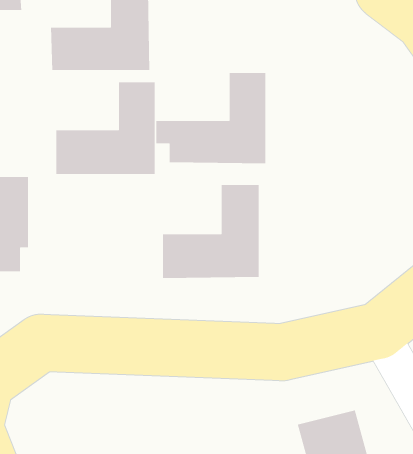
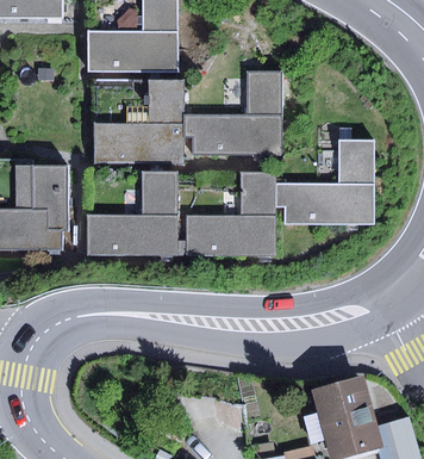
building: none -> [275,138,374,223]
building: none -> [87,172,179,255]

